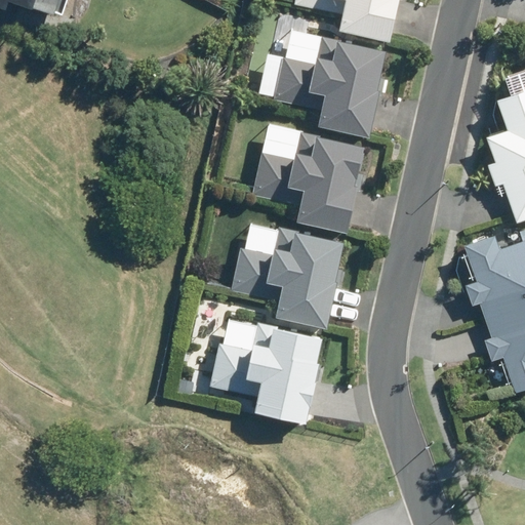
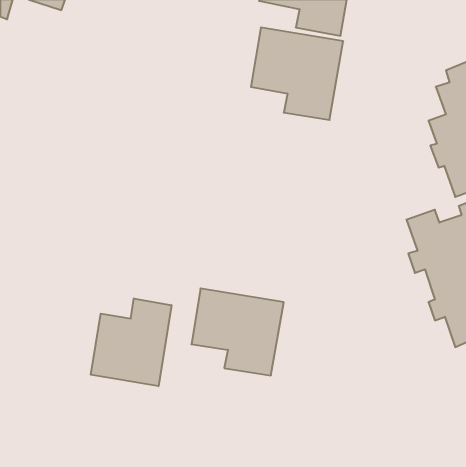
building: [262,130,364,235] -> none
building: [240,228,344,323] -> none
building: none -> [91,298,171,386]

